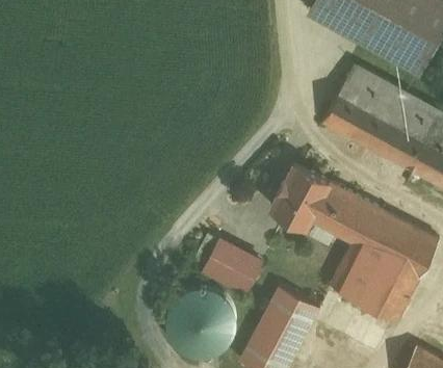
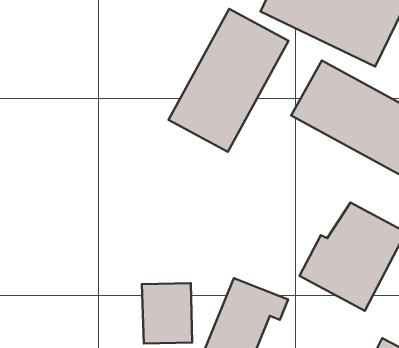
building: none -> [168,9,289,152]
building: [273,164,385,246] -> none
building: [197,235,264,293] -> none

